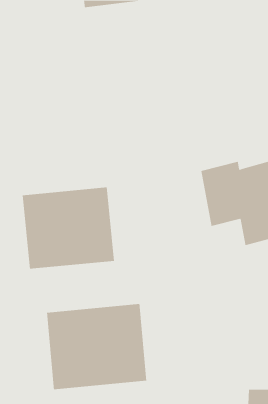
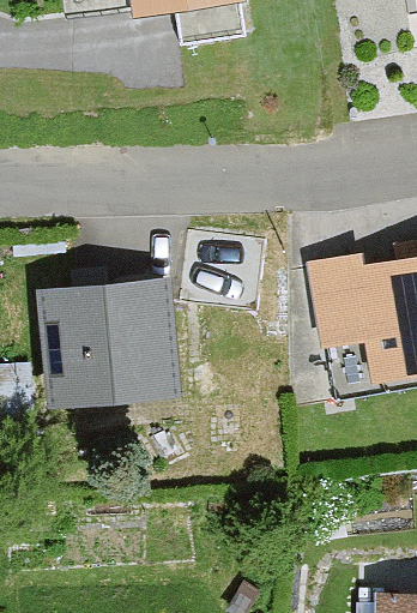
building: [47,303,147,390] -> none

